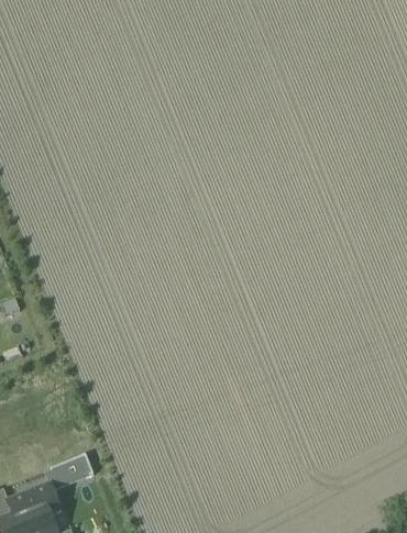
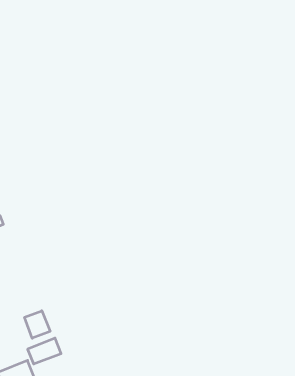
building: none -> [25,311,50,338]

